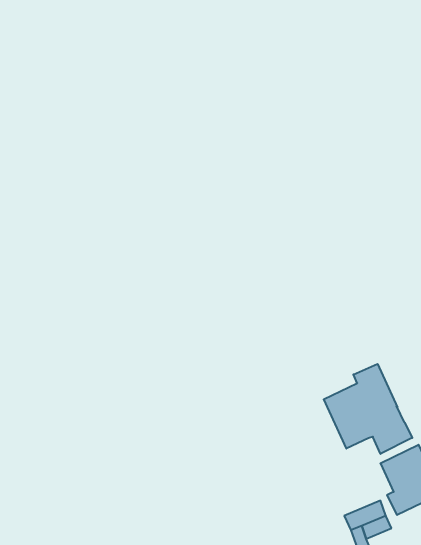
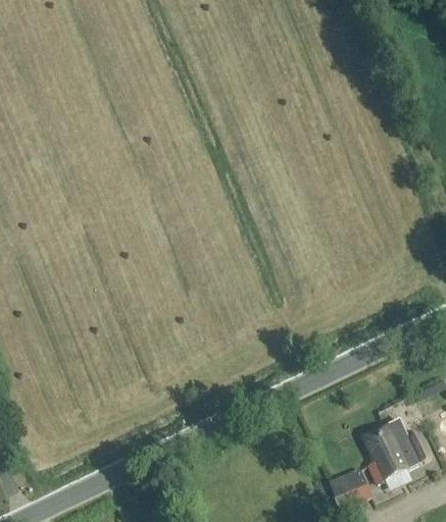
building: [324,364,412,454] -> none

